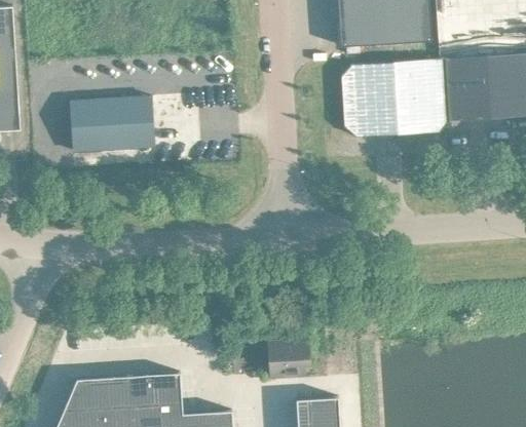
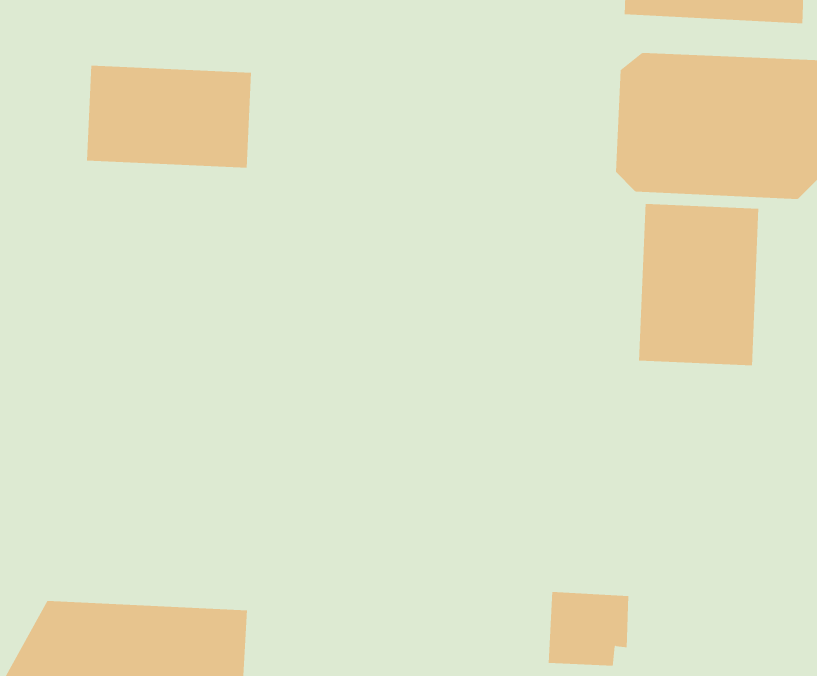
building: none -> [639,203,759,366]
building: [267,340,309,379] -> [548,592,629,666]

